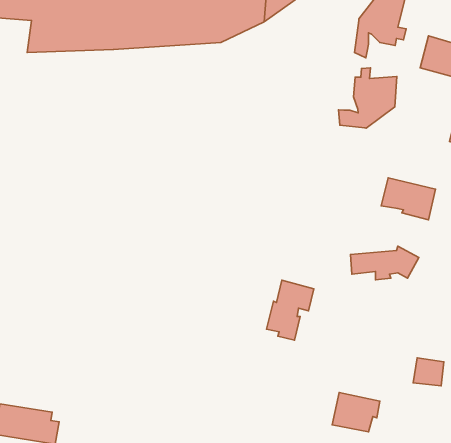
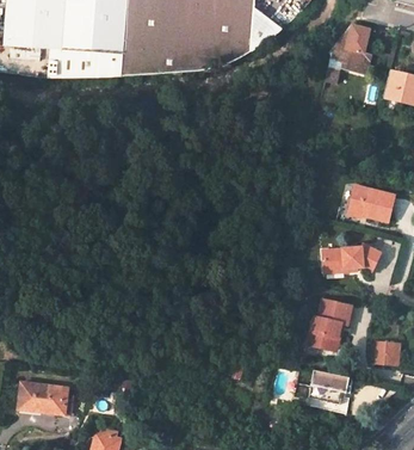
building: [339,68,397,128] -> none
building: [267,280,314,340] -> [308,300,348,351]

